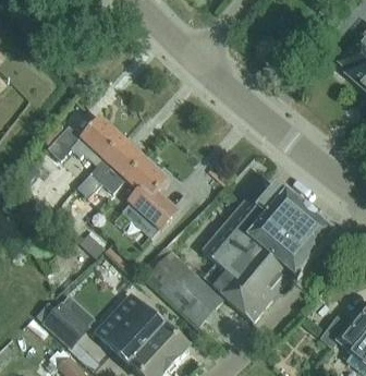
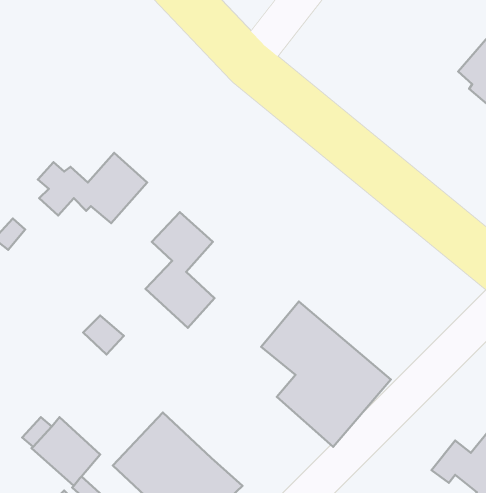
building: [77,136,146,197] -> none
building: [229,182,336,277] -> none
building: [148,251,222,324] -> none

